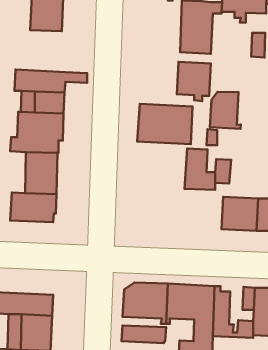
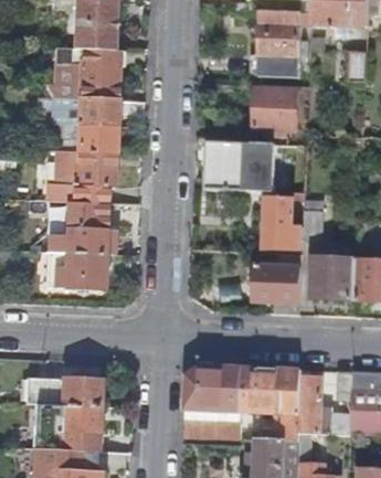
building: none -> [45,45,123,99]
building: [210,92,241,129] -> none
building: none -> [256,263,304,314]

